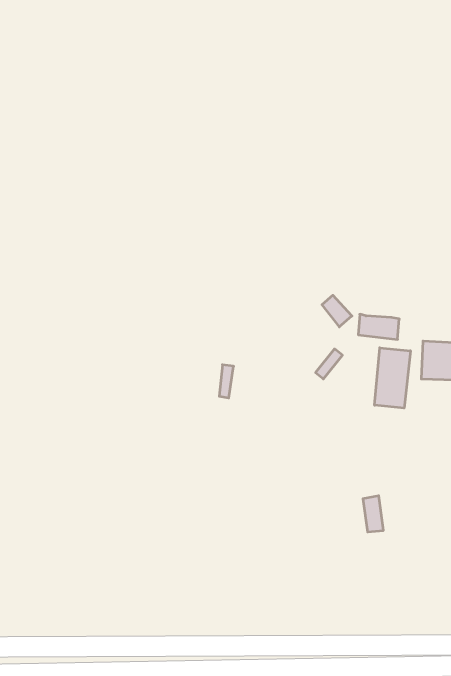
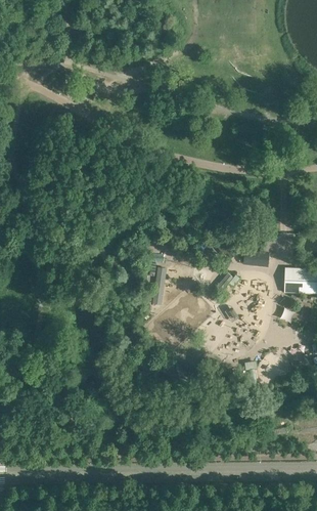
building: [375,348,410,408] -> none

